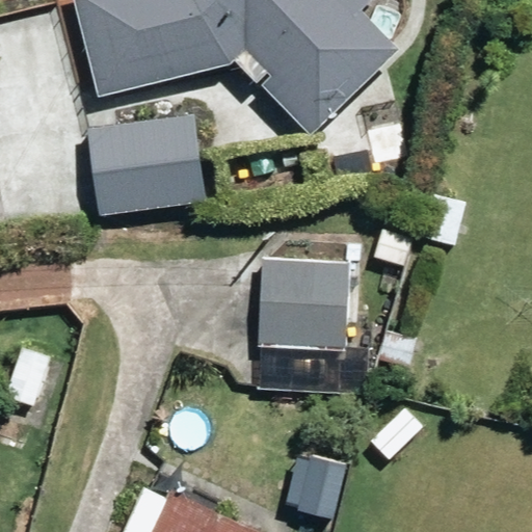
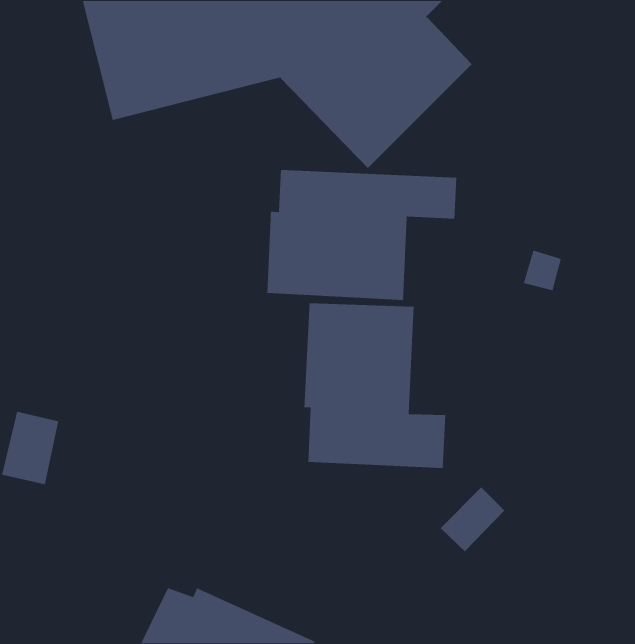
building: [88,121,200,203] -> none
building: none -> [266,169,457,301]

